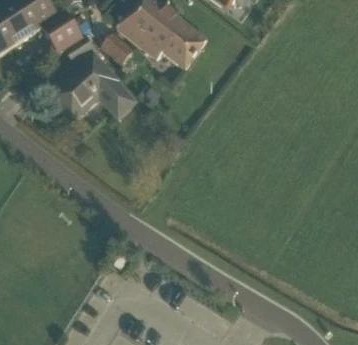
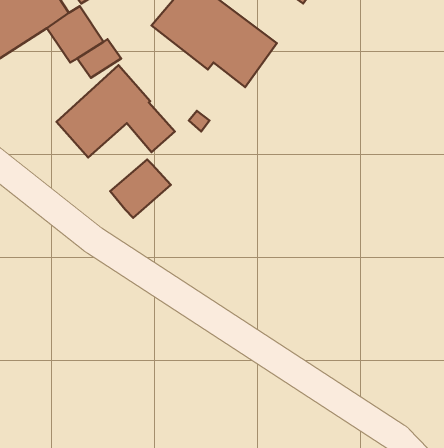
building: [99,32,134,64] -> none
building: none -> [110,159,171,218]

